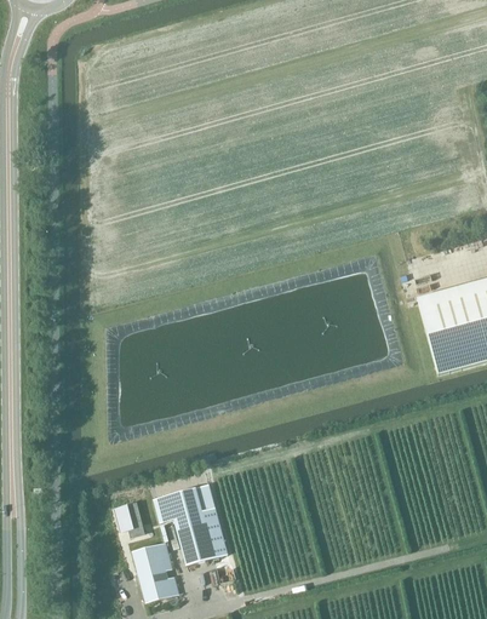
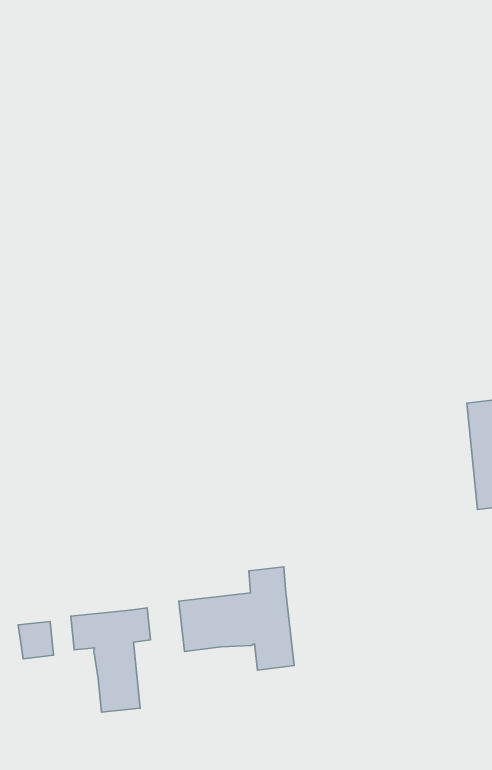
building: none -> [179,567,294,670]
building: [133,541,181,602] -> none

